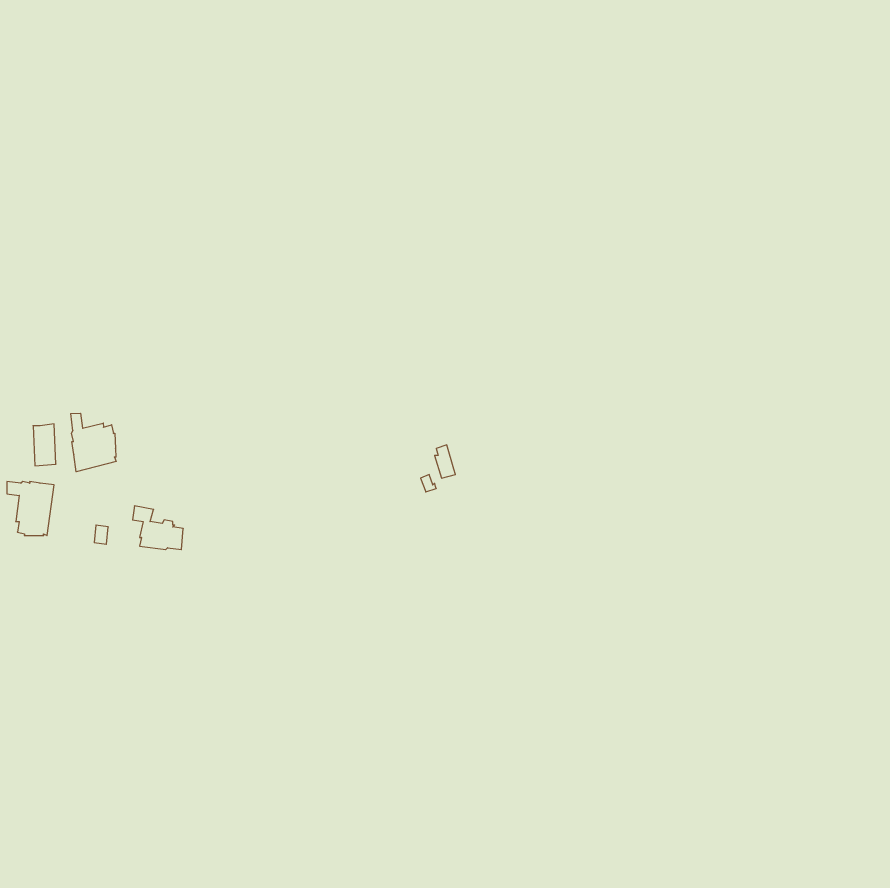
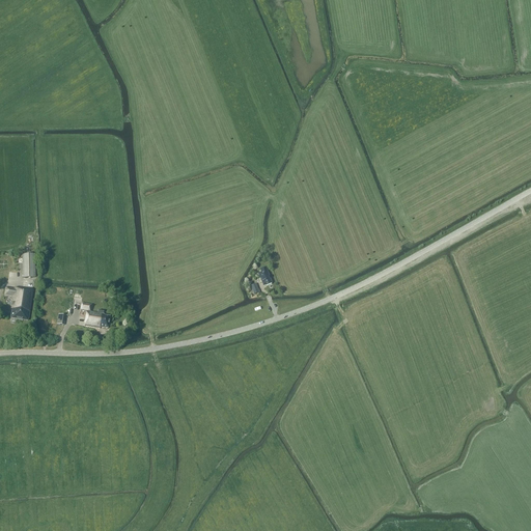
building: [71,413,116,472] -> none

